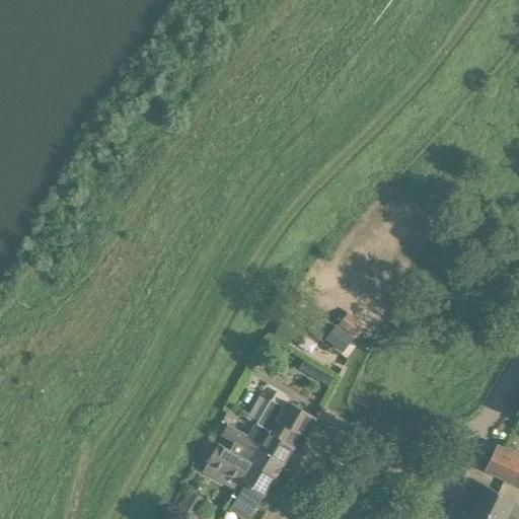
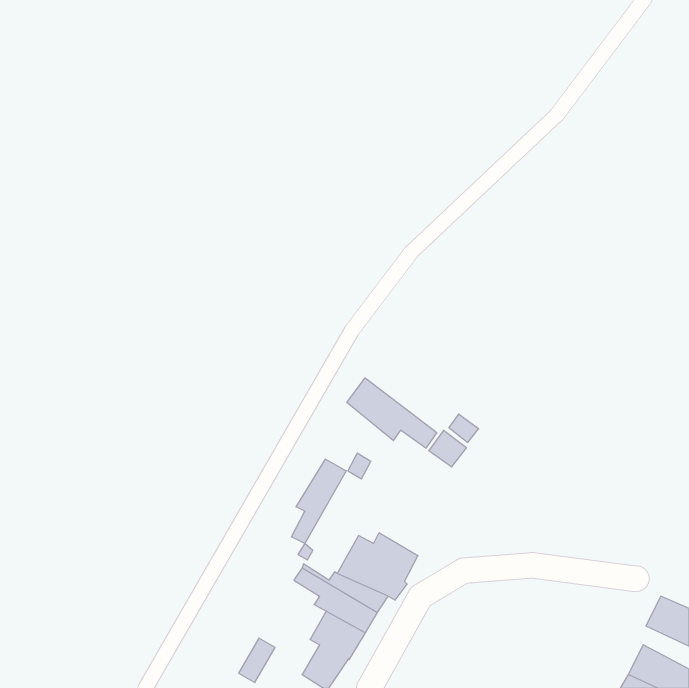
building: none -> [347,378,437,448]
building: none -> [291,459,346,544]
building: [203,444,245,485] -> none

